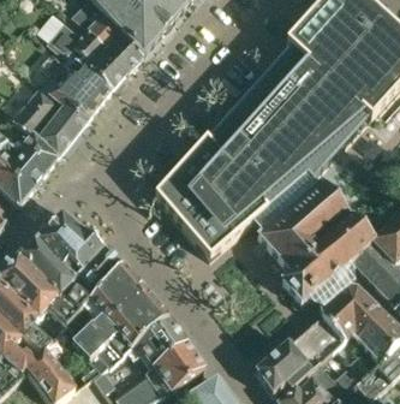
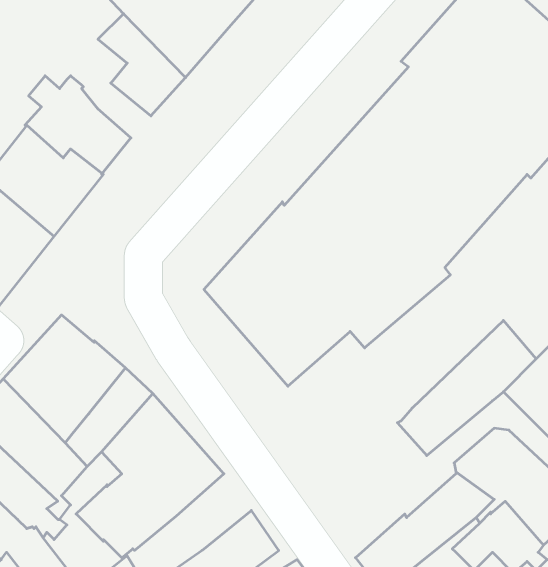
building: [47,18,120,93] -> none
building: [259,179,352,271] -> none
building: [137,314,186,364] -> none

